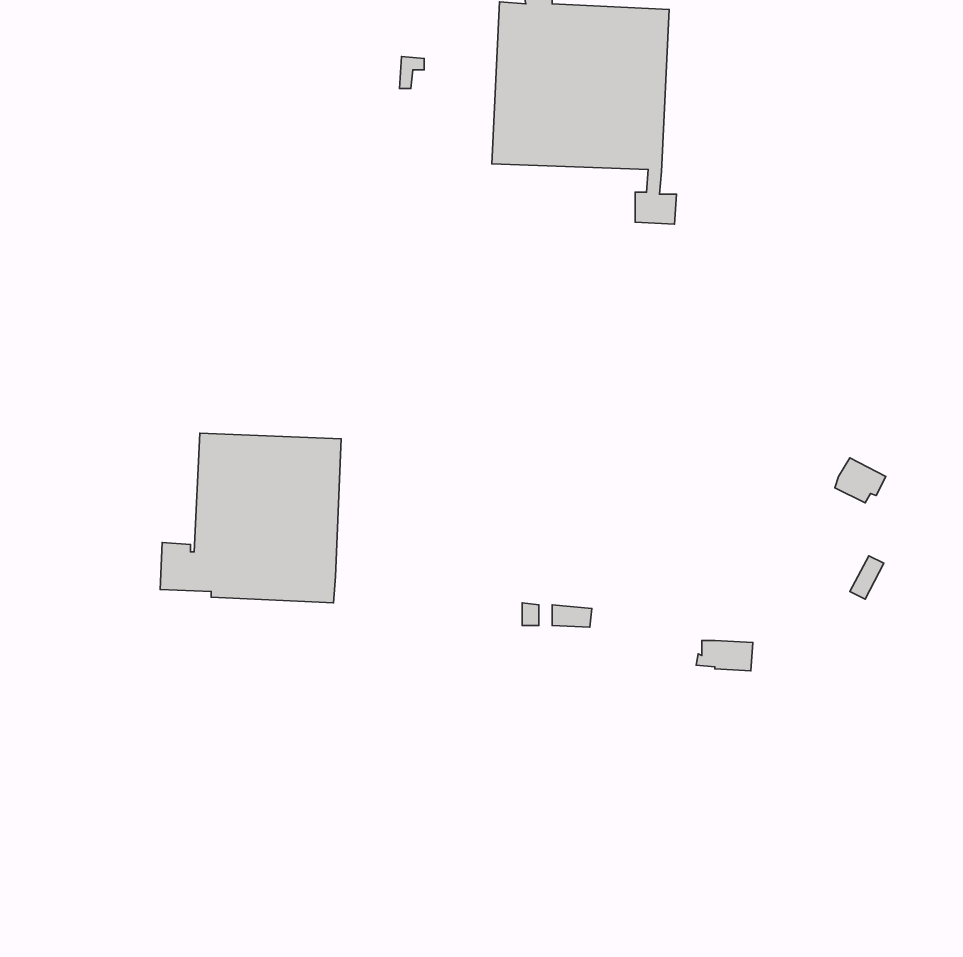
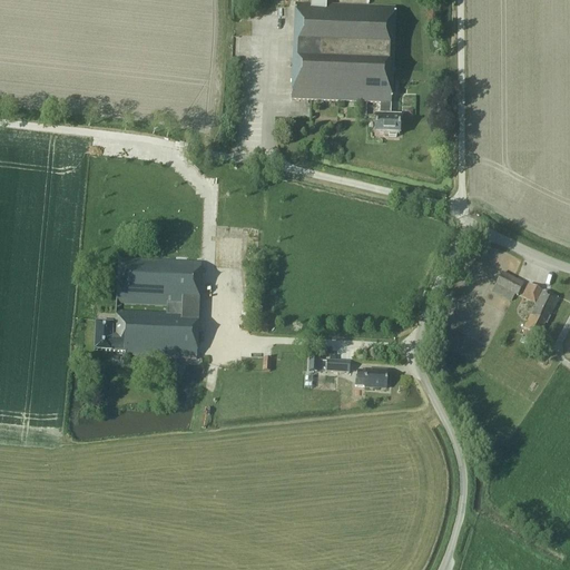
building: none -> [522,281,560,334]
building: [696,641,753,671] -> [354,368,387,386]

